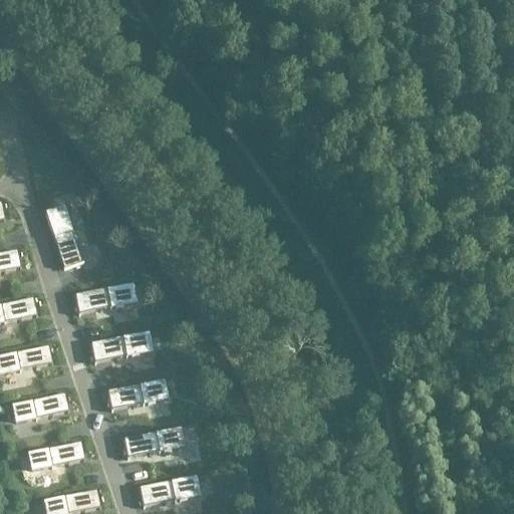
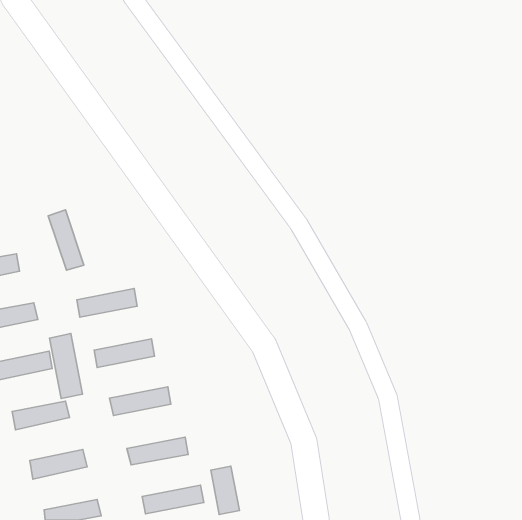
building: none -> [49,333,83,399]
building: none -> [211,466,239,515]

